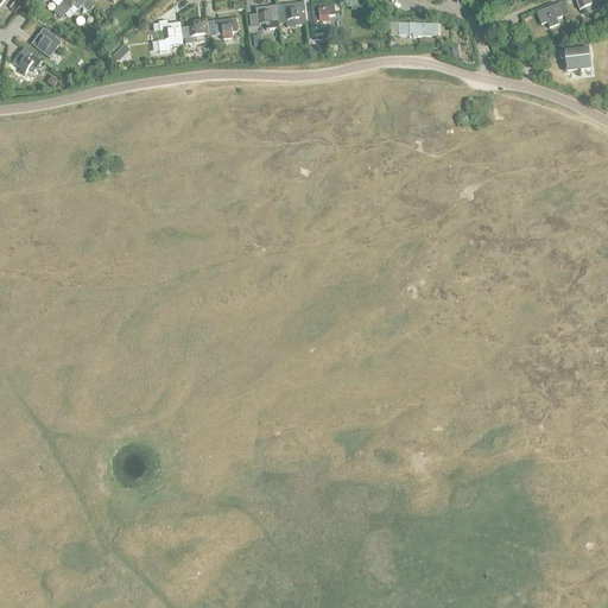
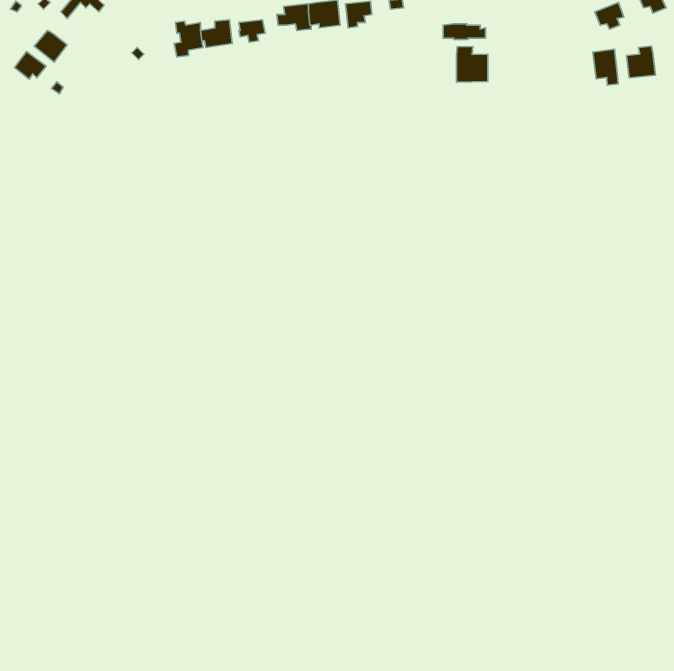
building: none -> [456,47,488,82]
building: none -> [593,49,618,85]

